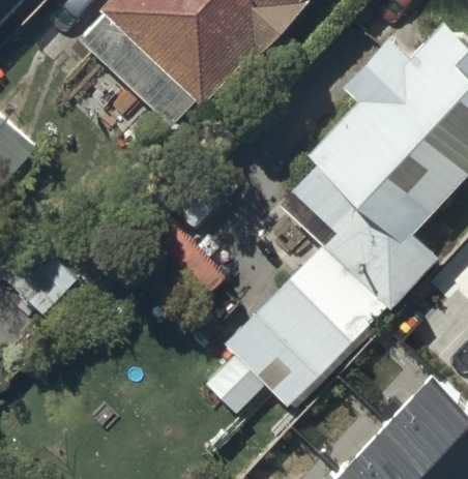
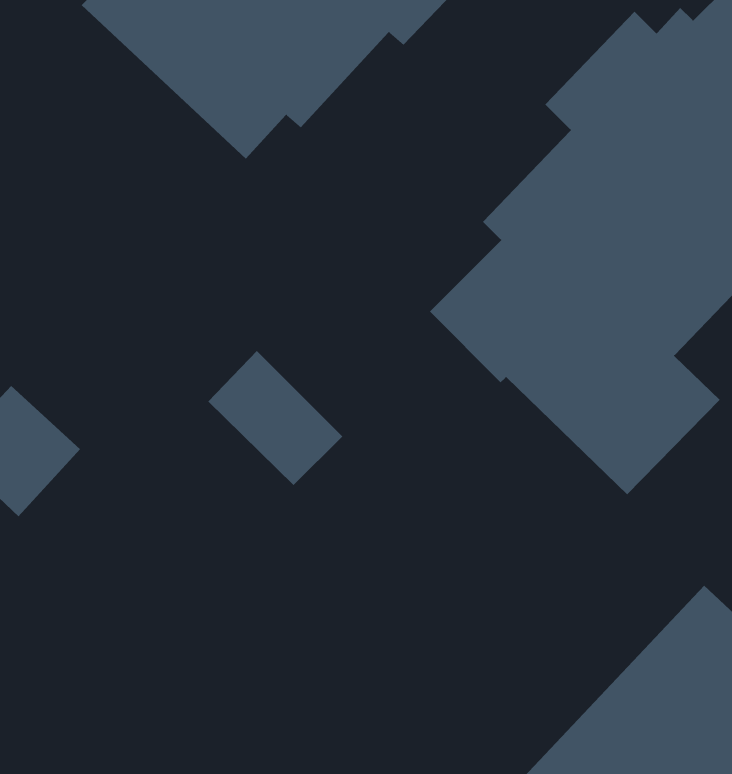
building: [226,248,387,411] -> none

